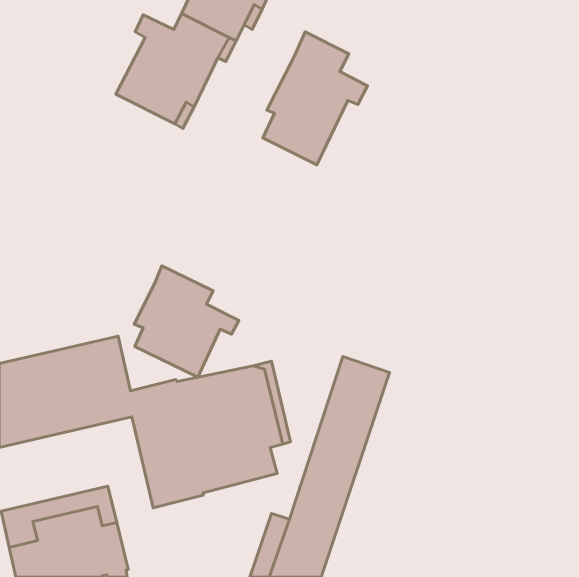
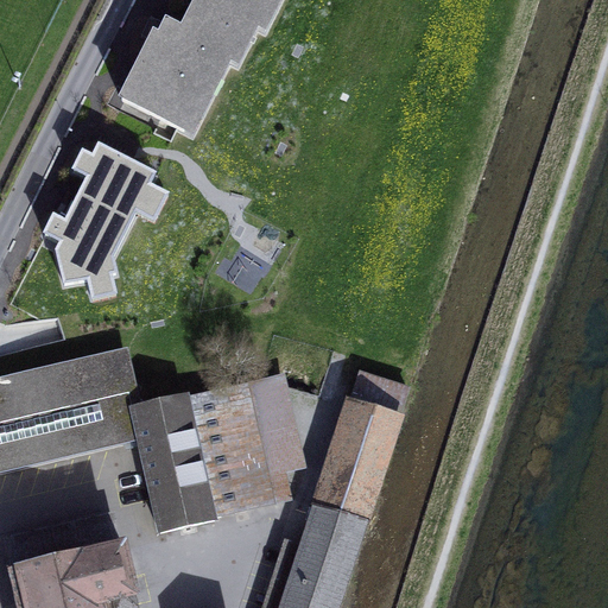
building: [263,32,368,165] -> none
building: none -> [40,145,167,300]
building: [134,266,239,377] -> none

